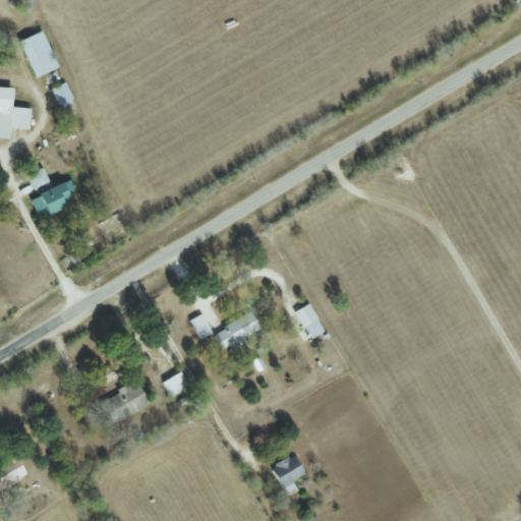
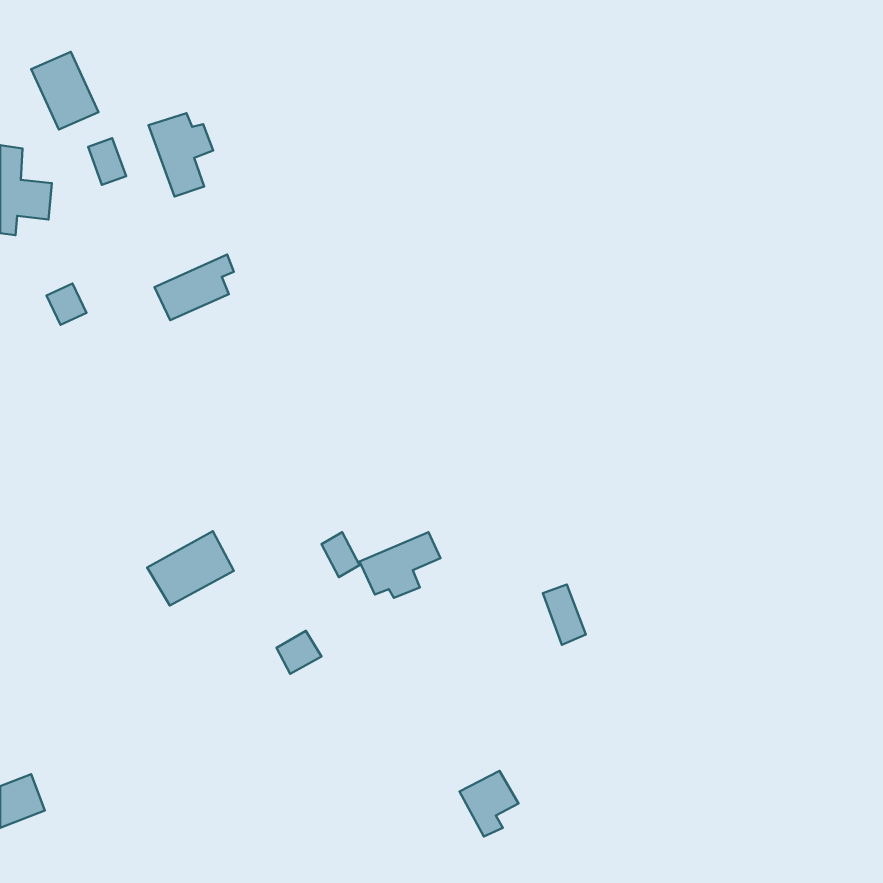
building: none -> [148,113,213,196]
building: [30,179,76,218] -> [154,254,234,320]
building: [297,303,323,339] -> [543,584,586,645]
building: [99,381,150,424] -> [147,531,234,605]

